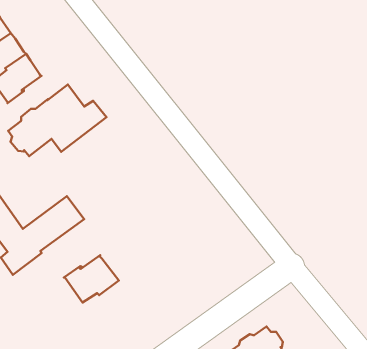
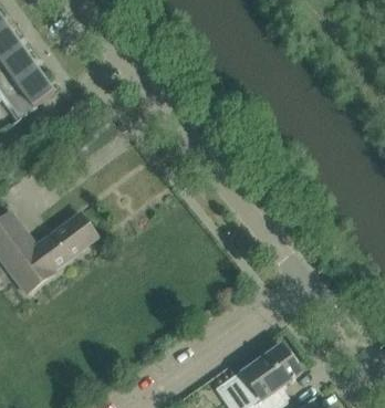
building: [8,85,106,156] -> none
building: [64,255,119,303] -> none

